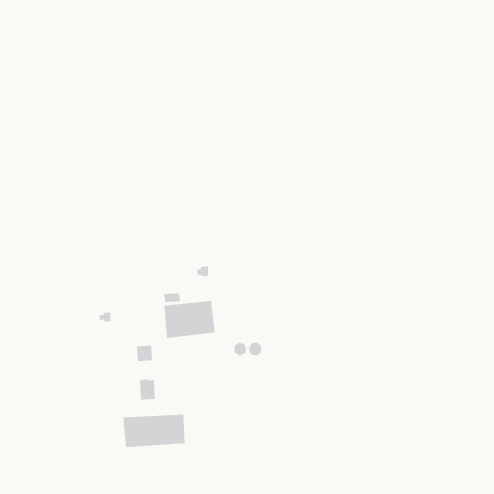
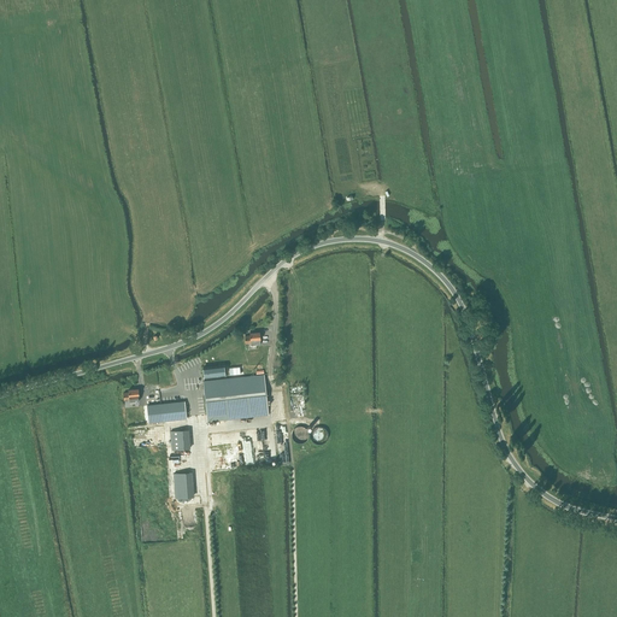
building: none -> [147,401,187,423]
building: [123,414,185,448] -> none

